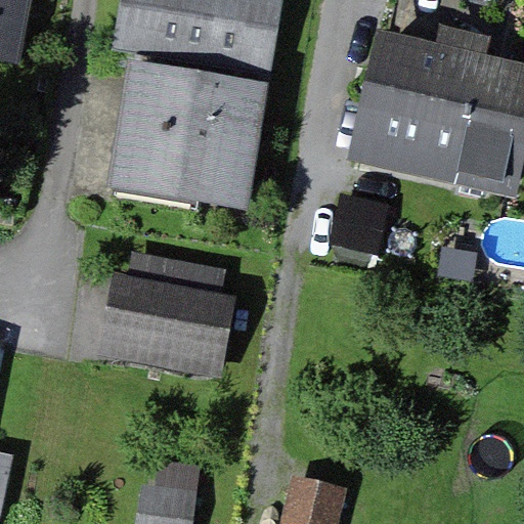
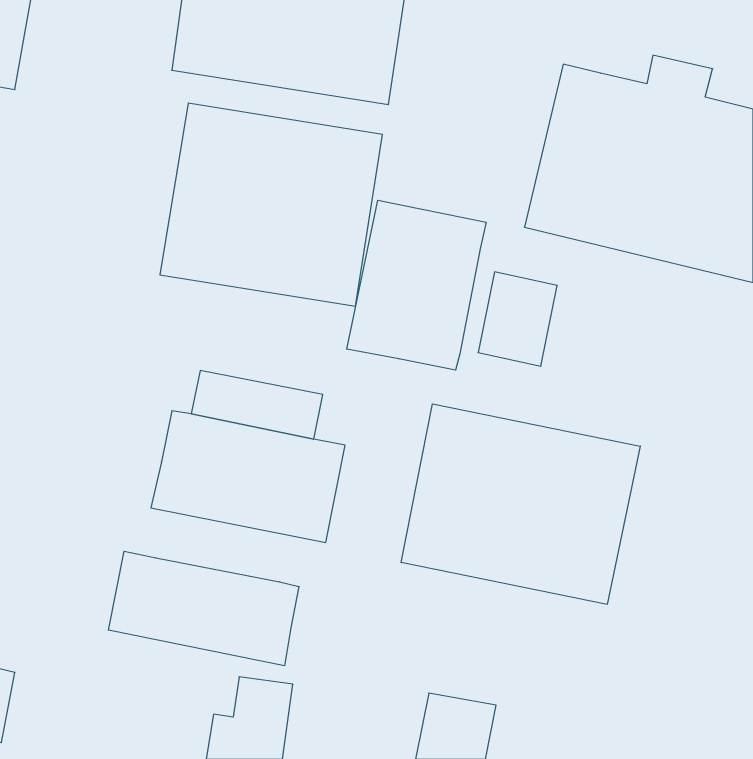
building: none -> [347,200,486,370]
building: none -> [401,404,640,604]
building: none -> [108,551,299,666]

